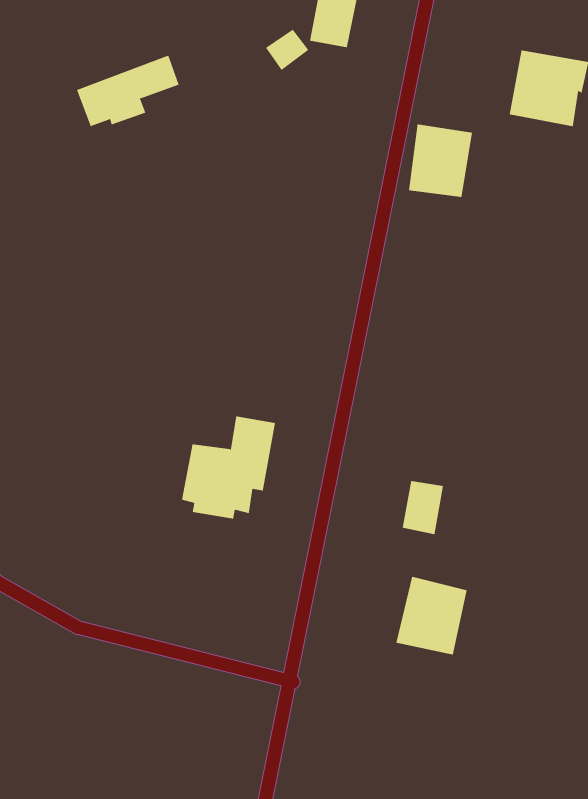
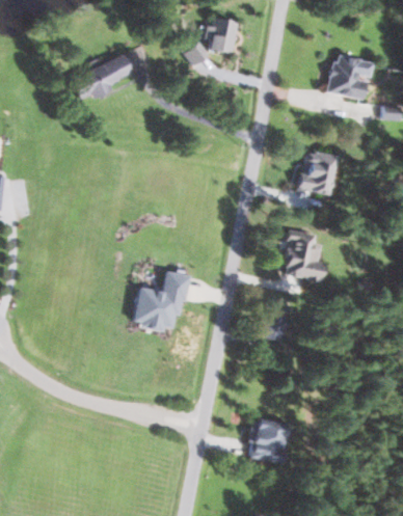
building: [408,124,473,197] -> [299,151,338,194]
building: none -> [286,230,326,281]
building: [396,576,467,655] -> [248,417,291,464]

